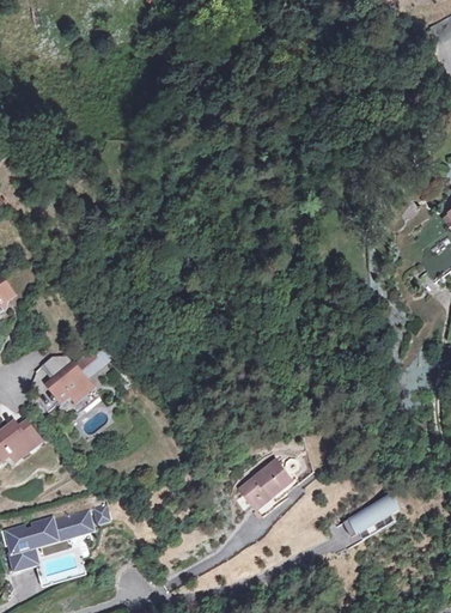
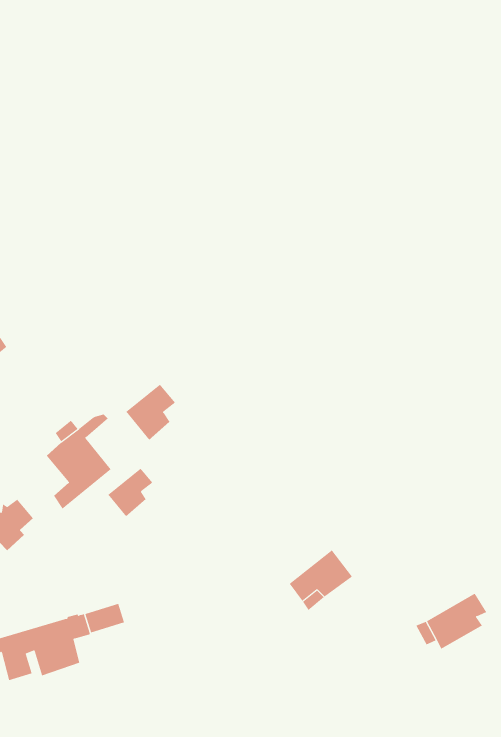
building: none -> [125,384,176,441]
building: none -> [107,468,153,517]

